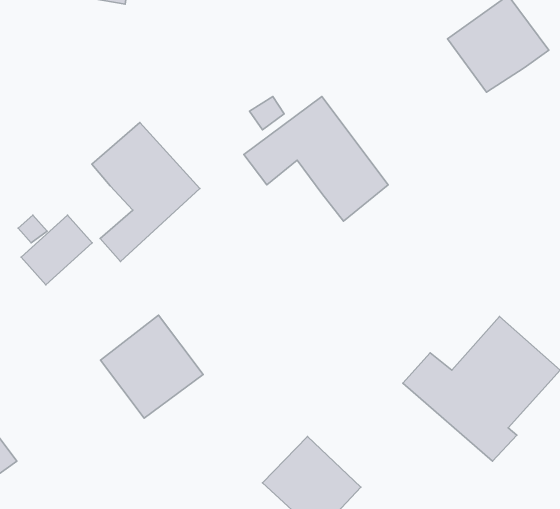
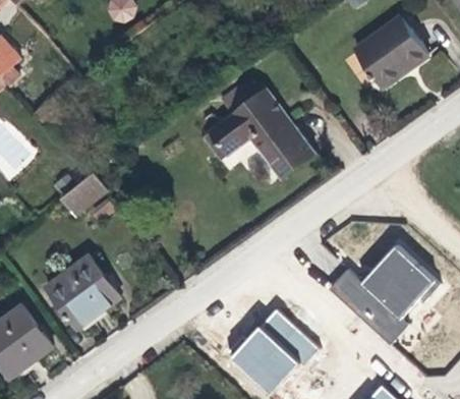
building: [92,122,200,261] -> none
building: [101,315,203,418] -> [48,253,120,326]
building: none -> [258,310,317,367]

